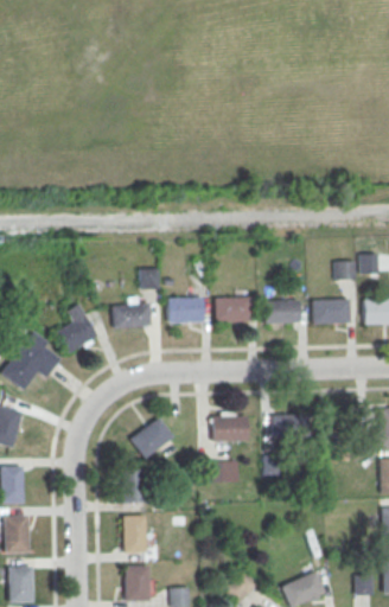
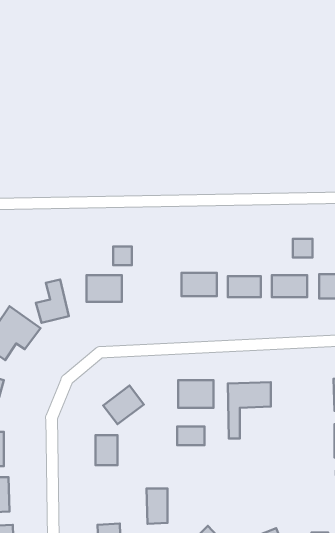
building: [170,296,205,322] -> none
building: [123,516,146,554] -> [147,488,167,524]

